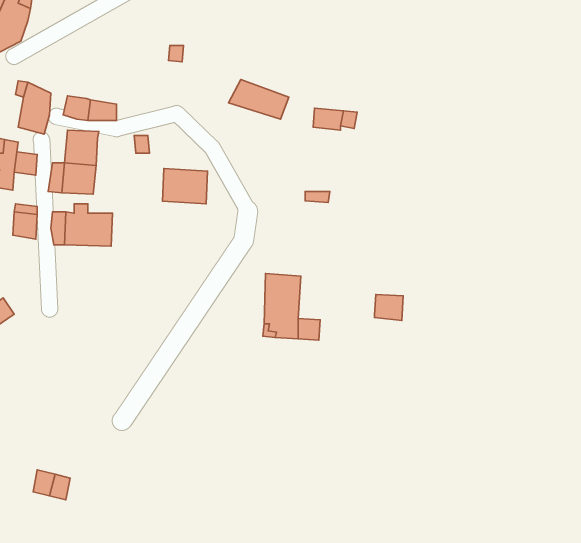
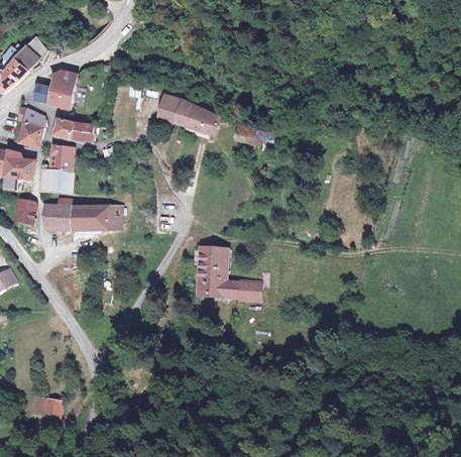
building: none -> [36,66,74,102]
building: none -> [160,95,187,123]
building: [162,168,207,204] -> [88,205,121,231]
building: [375,294,403,320] -> [241,283,262,303]

